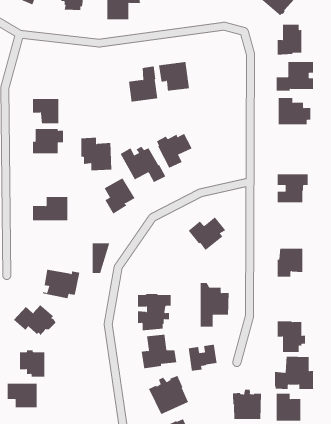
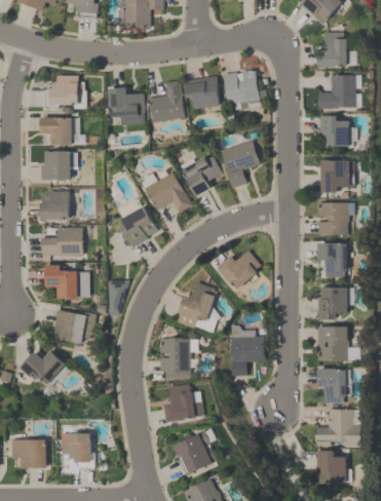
building: none -> [223,70,261,110]
building: none -> [45,76,86,109]
building: none -> [222,140,261,188]
building: none -> [320,160,354,192]
building: [80,137,112,171] -> [109,87,145,125]
building: none -> [41,192,69,220]
building: none -> [318,243,350,277]
building: none -> [46,266,89,299]
building: none -> [176,282,221,333]
building: none -> [318,326,349,360]
building: [188,344,217,372] -> none
building: [19,350,45,377] -> [63,431,92,462]
building: [233,389,262,420] -> none

